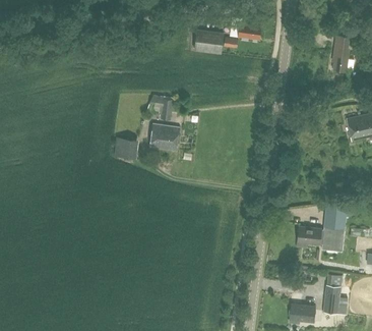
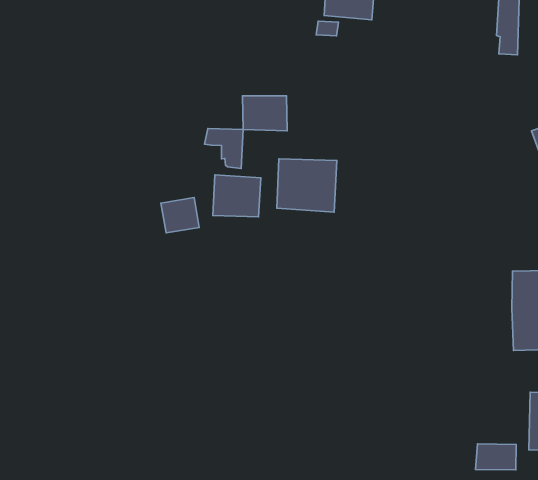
building: [194,29,223,53] -> [243,96,287,131]
building: none -> [277,159,337,212]
building: [297,226,320,247] -> none

